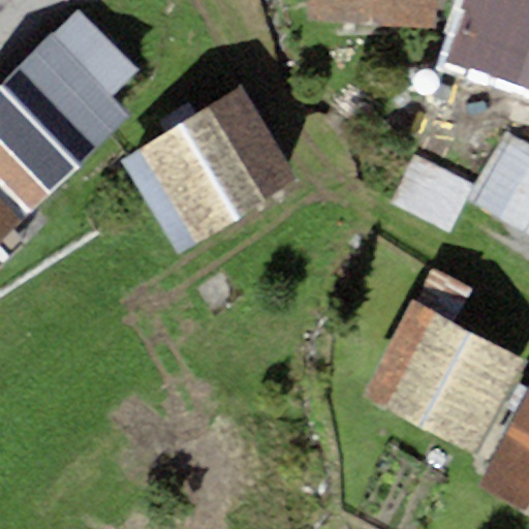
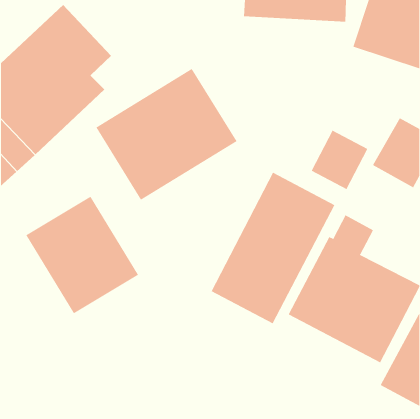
building: none -> [211,172,335,324]
building: none -> [26,196,139,314]

